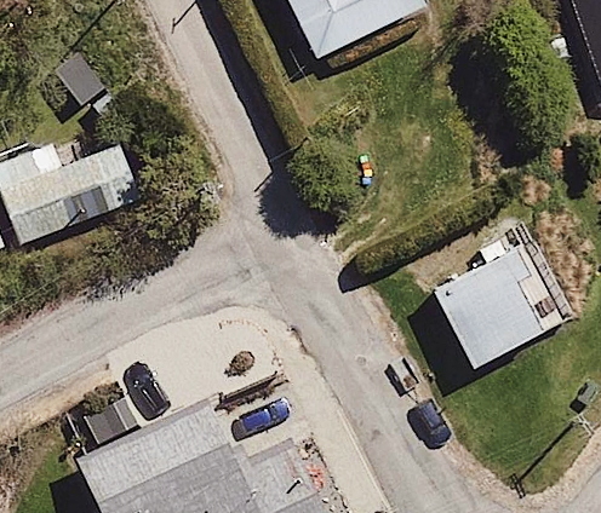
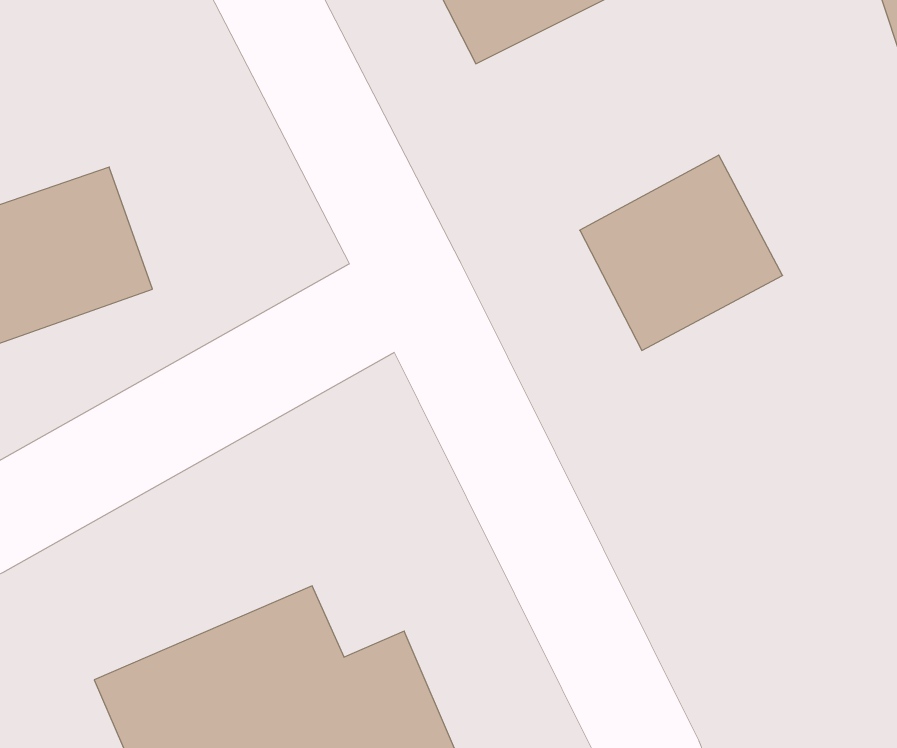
building: [434,243,565,369] -> [580,155,783,350]

